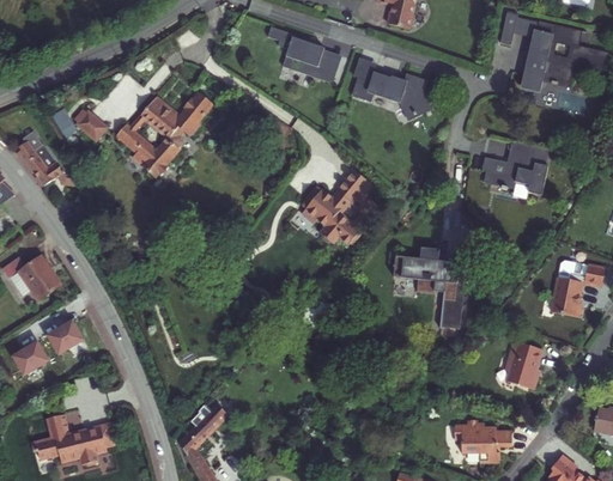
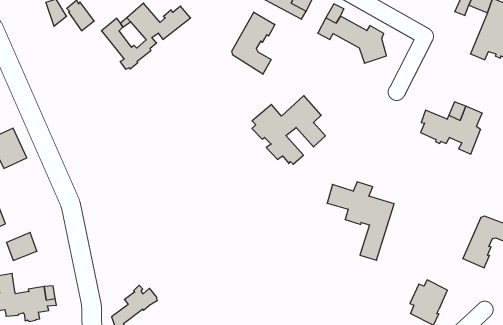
building: none -> [232,12,275,74]
building: [20,129,77,184] -> none
building: [47,319,81,353] -> [6,232,37,260]

